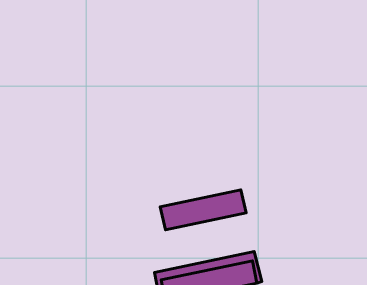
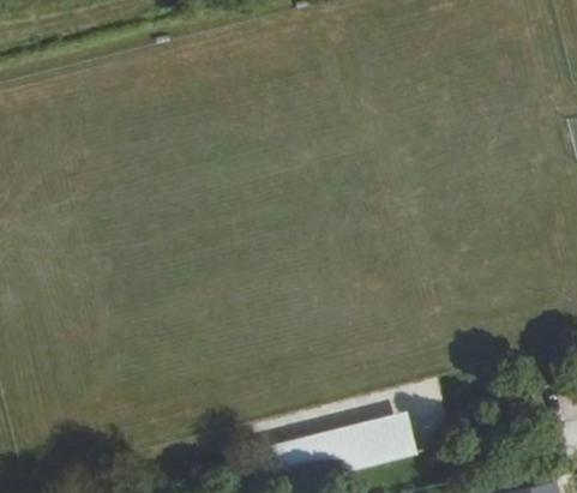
building: [160,190,246,230] -> none

